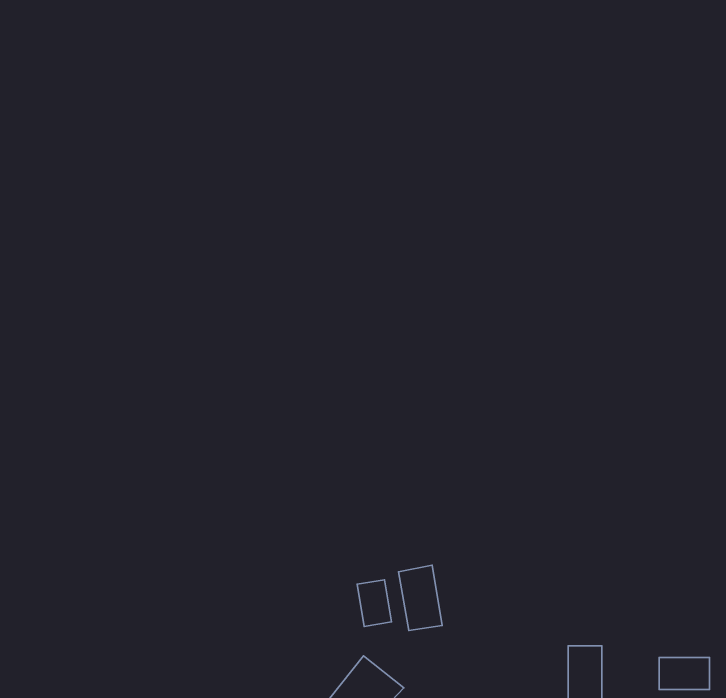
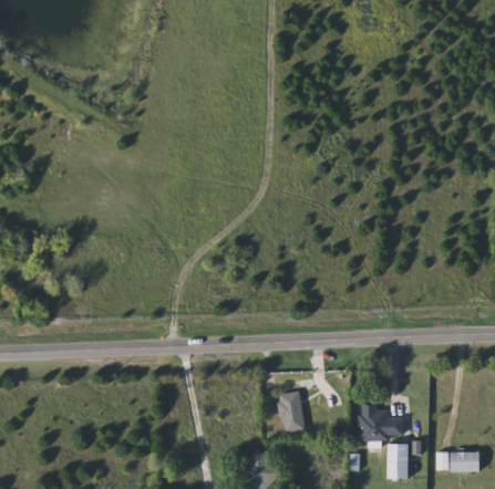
building: [357,580,392,626] -> none
building: none -> [358,405,403,438]

